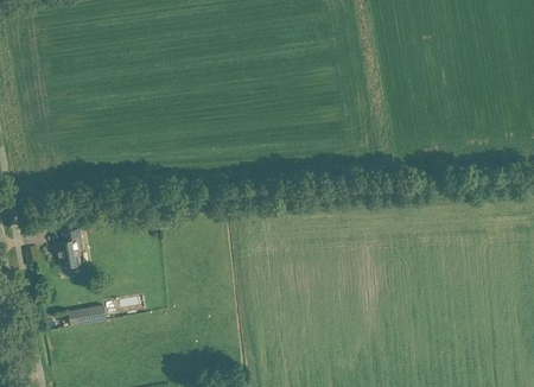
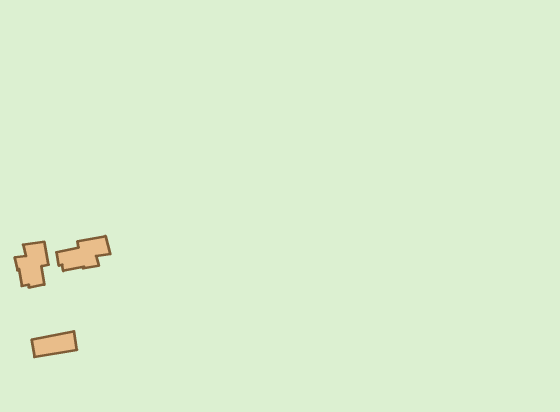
building: none -> [56,236,110,271]

